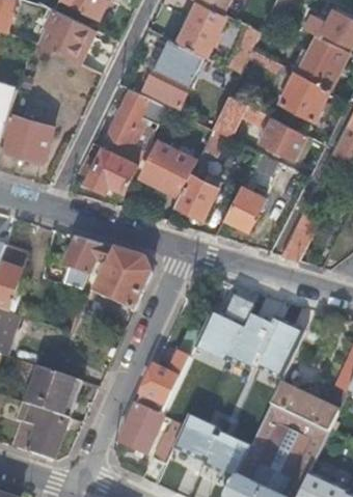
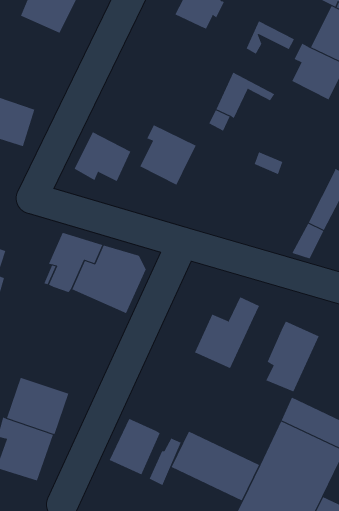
building: [143,40,203,107] -> none
building: [104,89,166,166] -> none
building: [264,120,305,160] -> none
building: [174,173,218,219] -> none
building: [225,187,266,230] -> none
building: [226,314,271,370] -> none
building: [136,351,189,414] -> none

